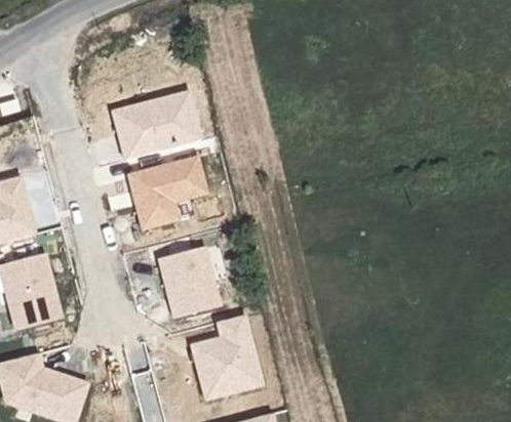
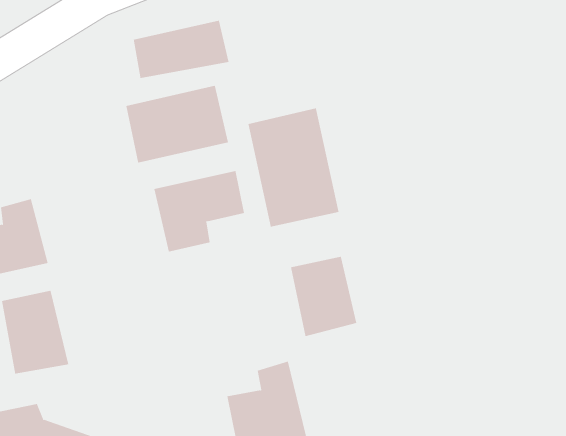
building: none -> [133,20,229,79]
building: none -> [248,107,339,227]
building: [159,252,215,320] -> [290,256,357,337]

